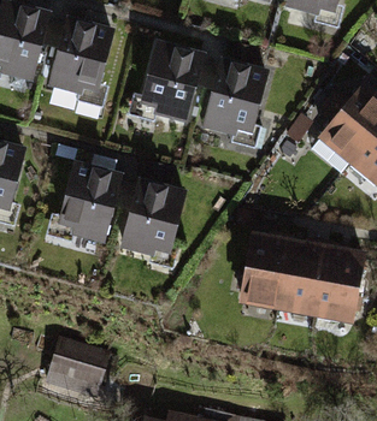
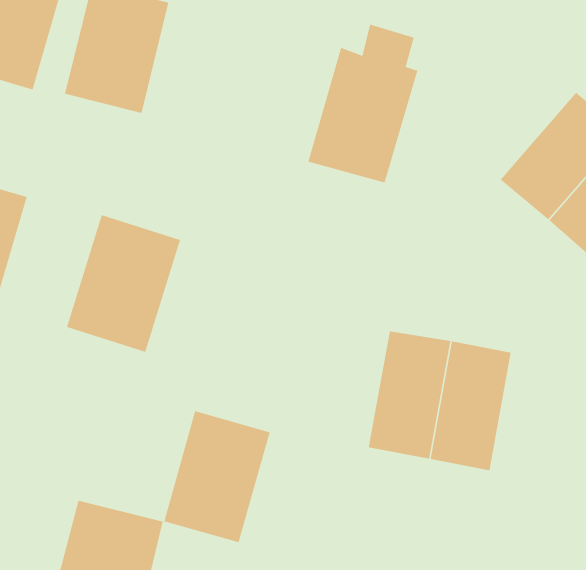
building: [137,41,205,124] -> none
building: [119,180,185,262] -> [163,411,270,543]
building: [313,247,364,326] -> none

